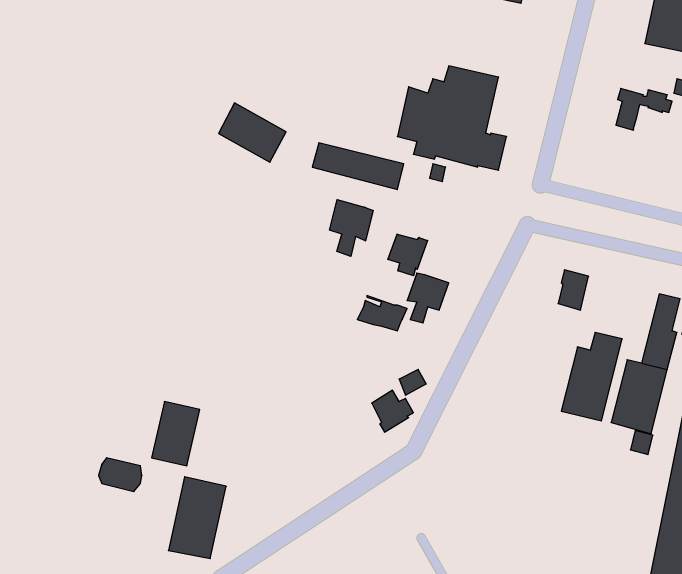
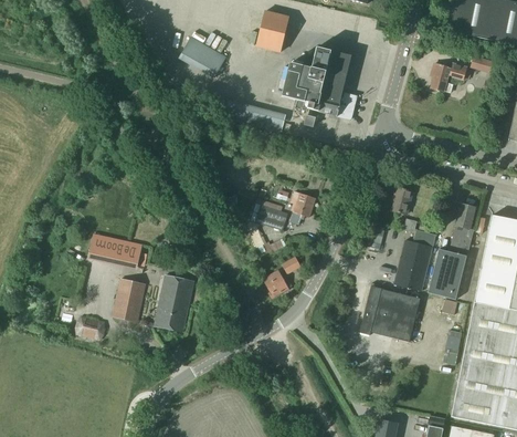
building: none -> [255,10,288,51]
building: [219,103,286,162] -> [178,37,224,77]
building: [329,200,373,256] -> none
building: [388,234,428,276] -> none
building: none -> [87,232,143,268]
building: none -> [359,283,420,342]
building: [168,477,226,559] -> [154,274,193,331]

